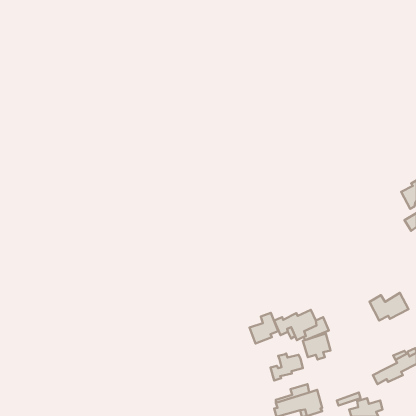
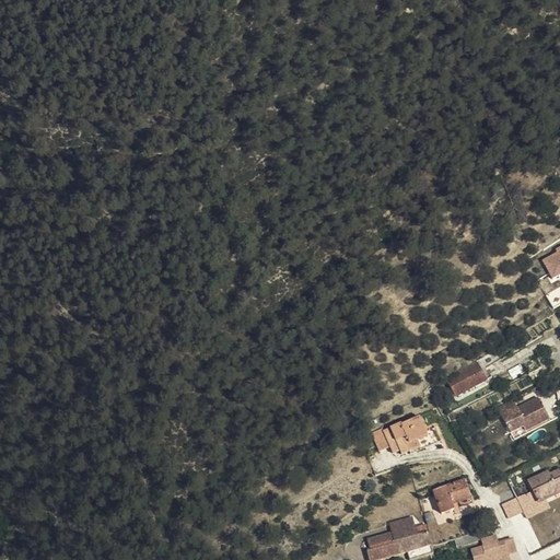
building: none -> [446,358,490,393]
building: [249,313,278,344] -> none
building: [303,333,331,360] -> [434,480,471,515]
building: [271,354,303,380] -> none

